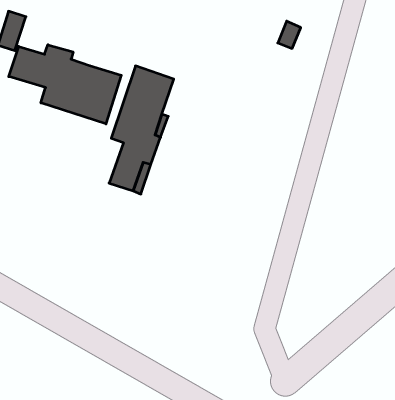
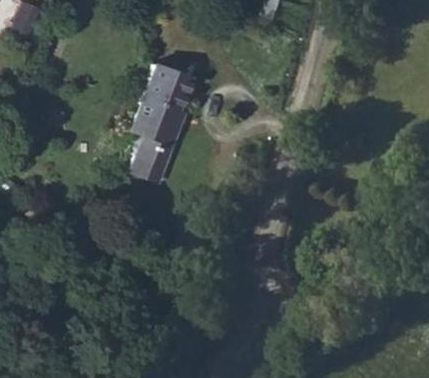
building: [9,45,121,124] -> none

